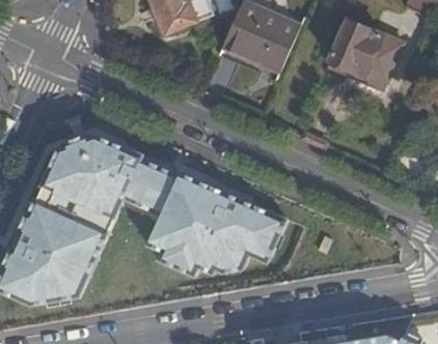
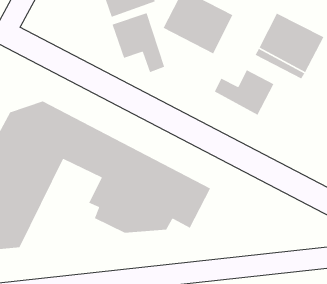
building: none -> [112,12,165,73]
building: none -> [214,69,275,116]

